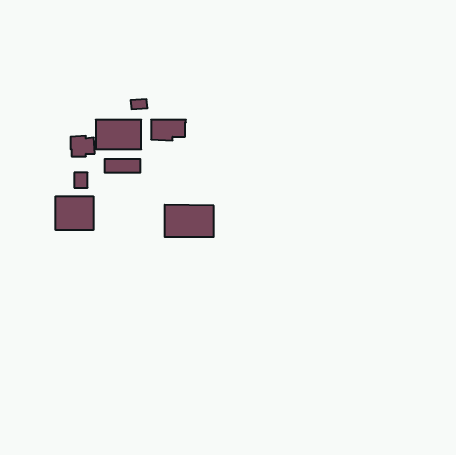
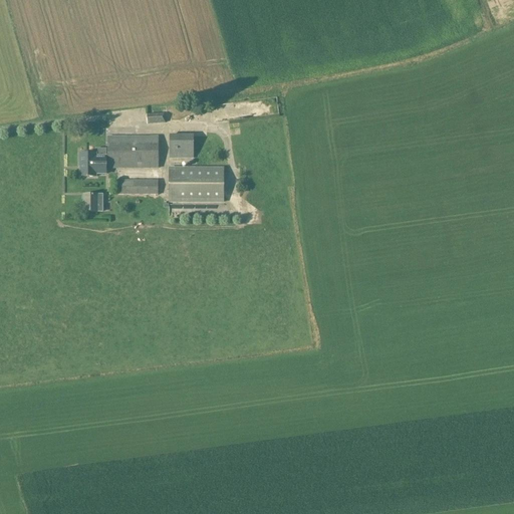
building: [56,196,93,230] -> none
building: [165,205,214,237] -> [170,166,225,202]

